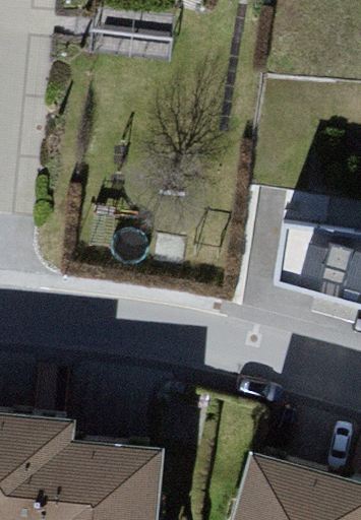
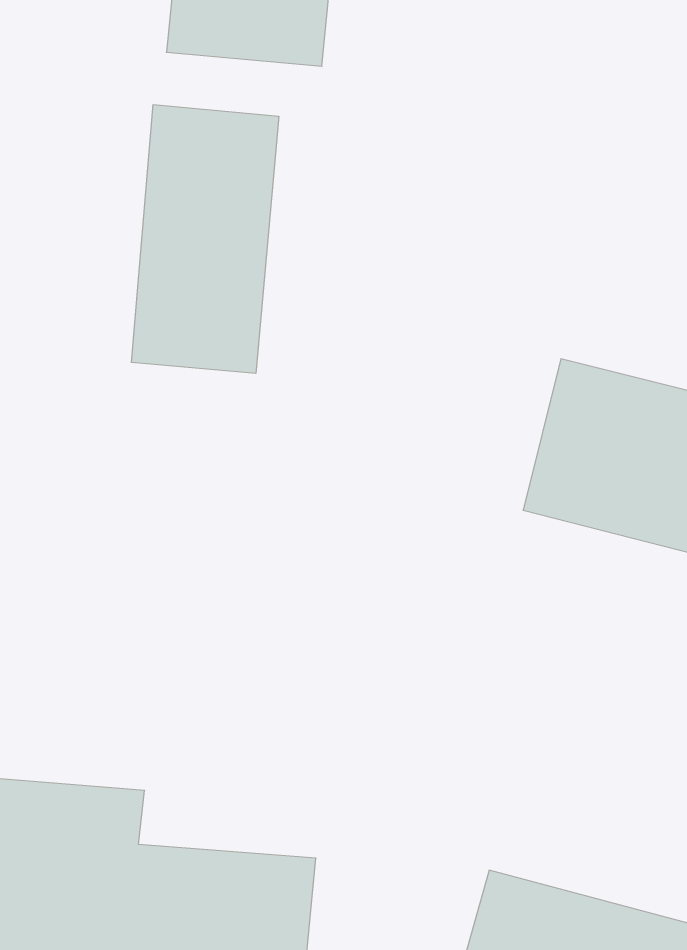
building: none -> [131,105,279,373]

